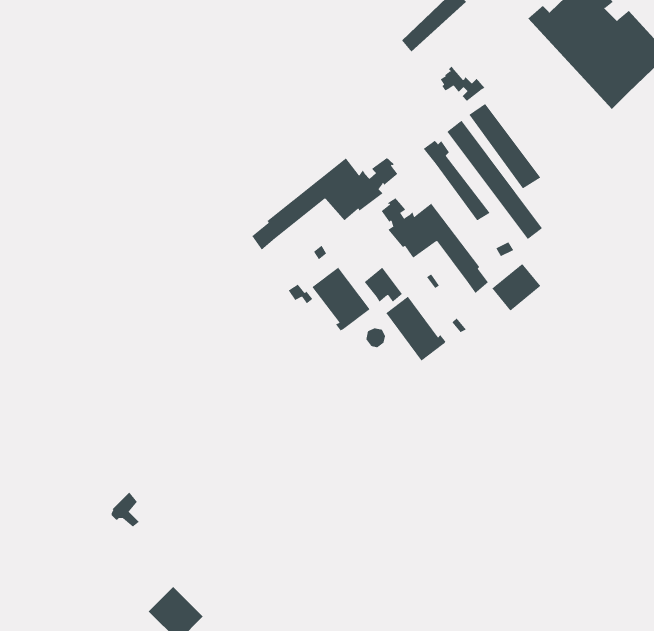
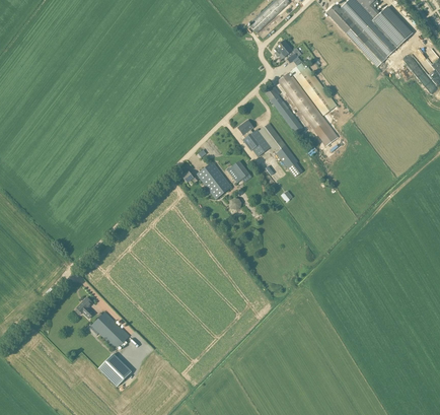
building: [252,157,398,251] -> none
building: [491,263,541,311] -> none
building: [385,296,446,361] -> none
building: none -> [88,312,129,349]

